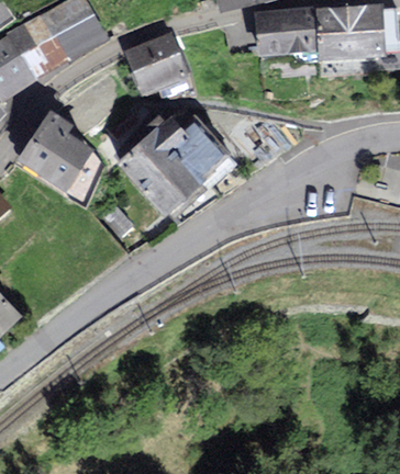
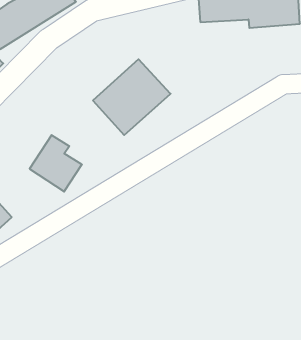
building: [130,34,185,89] -> none
building: [25,111,93,184] -> [30,135,82,192]

